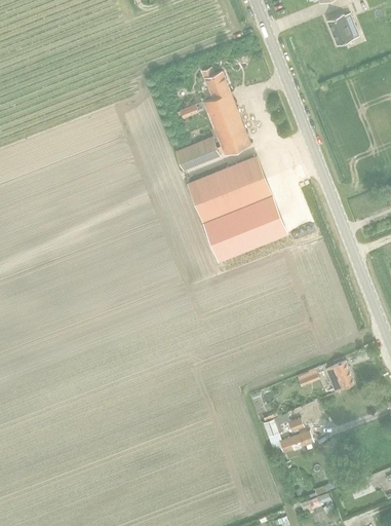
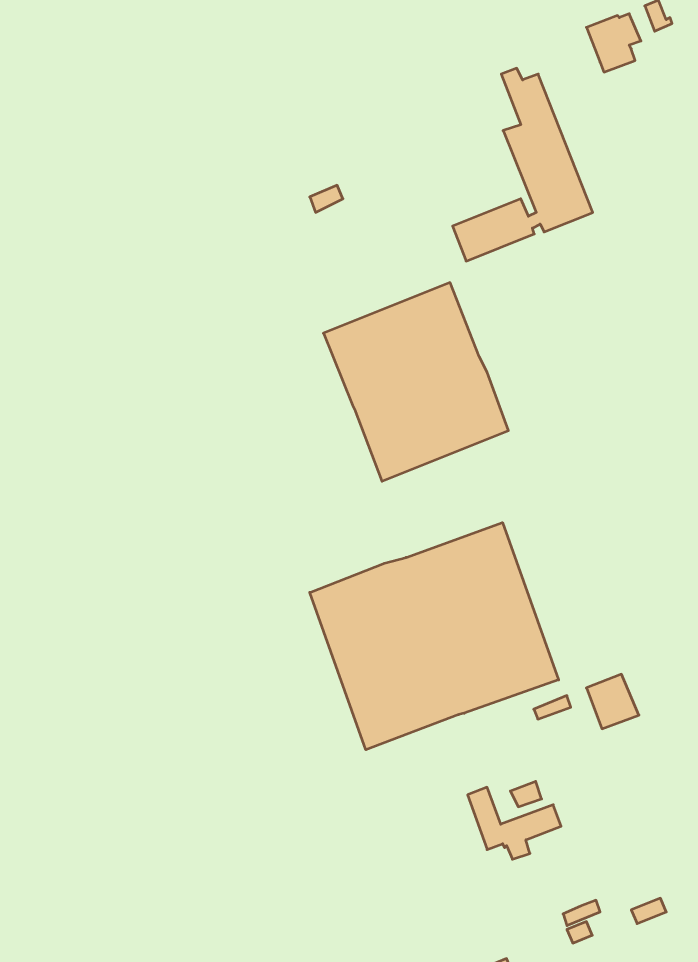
building: [177,69,250,171] -> [453,68,593,261]
building: none -> [310,523,559,750]

